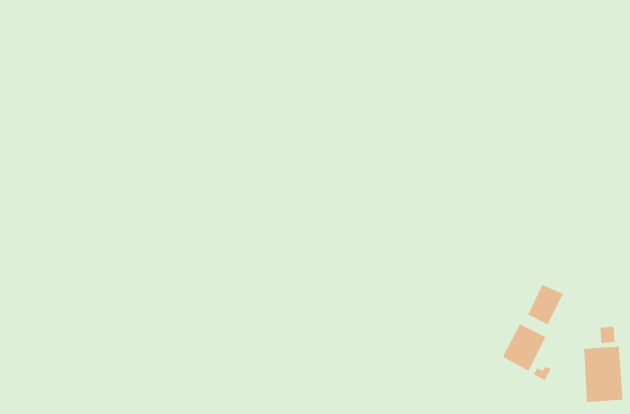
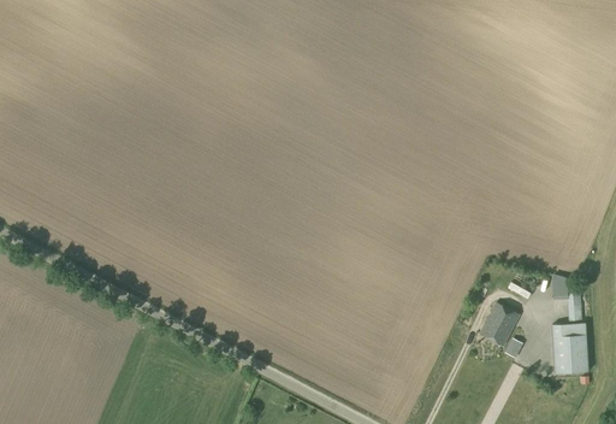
building: [527,284,564,325] -> none

